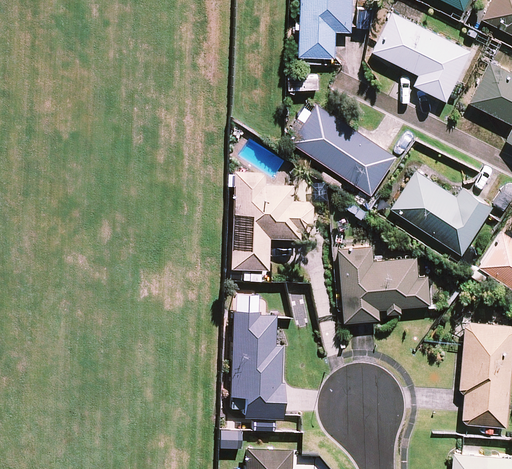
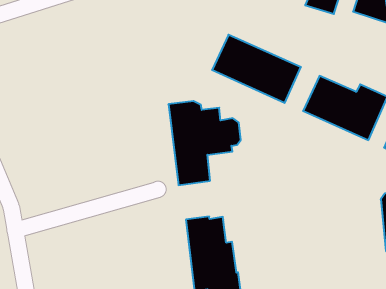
building: [338,246,432,324] -> none

